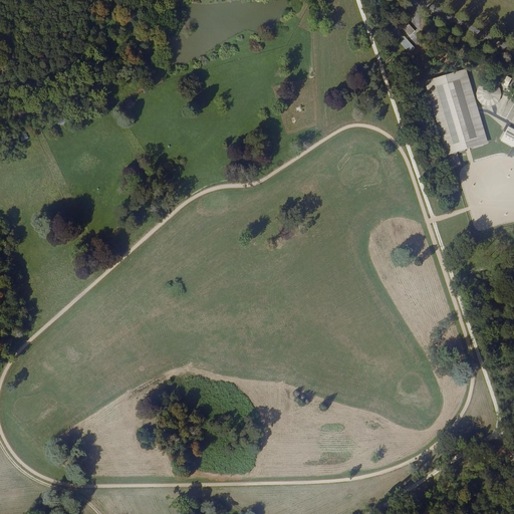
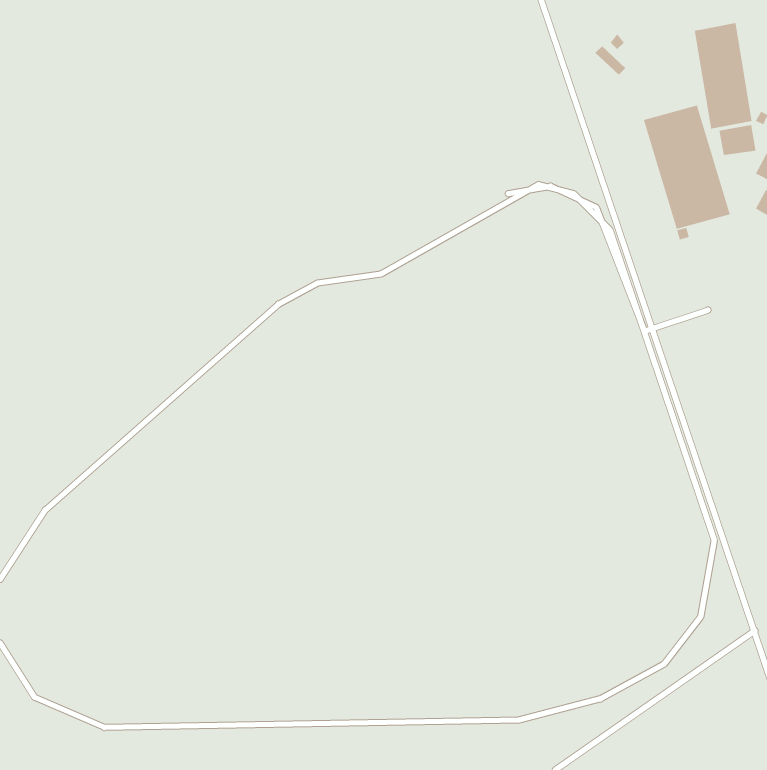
building: none -> [694,22,753,130]

